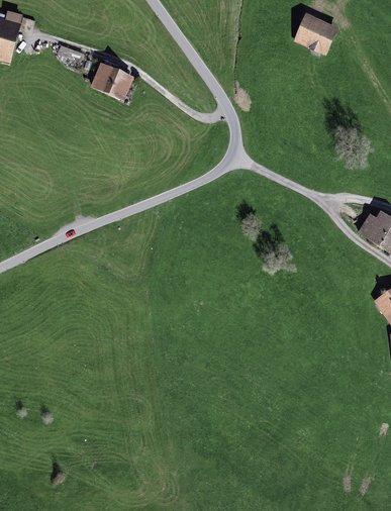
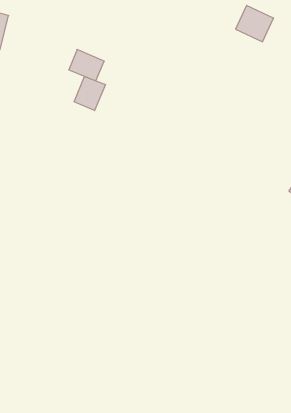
building: none -> [74,77,105,111]

